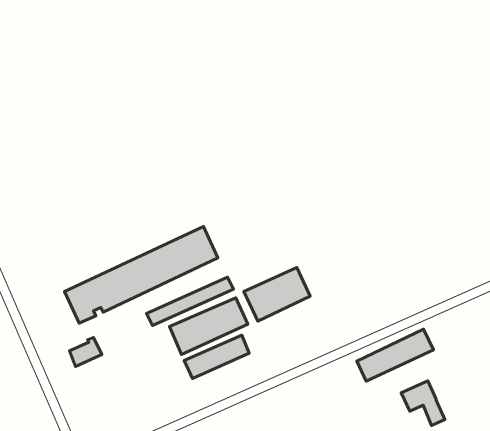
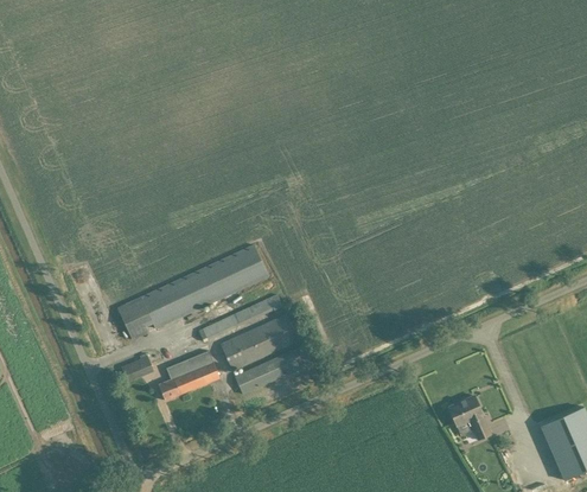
building: [244,267,310,321] -> none
building: [357,329,434,381] -> none
building: none -> [159,352,219,401]

